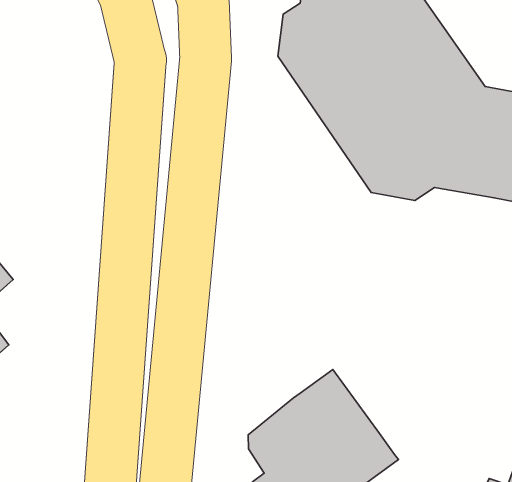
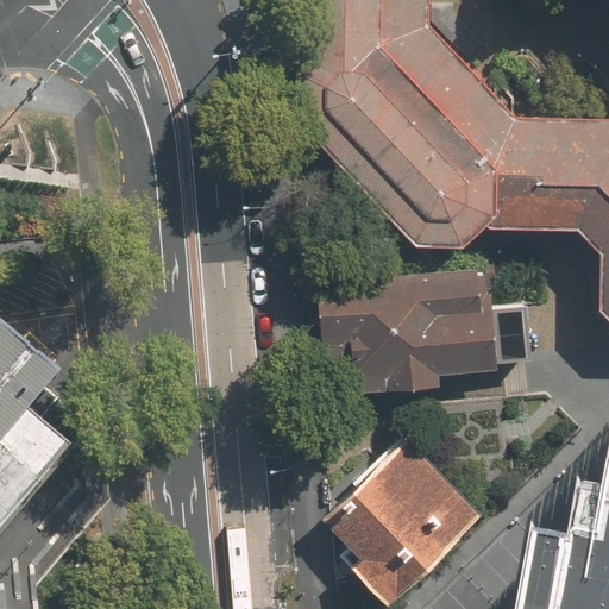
building: none -> [322,269,528,395]

